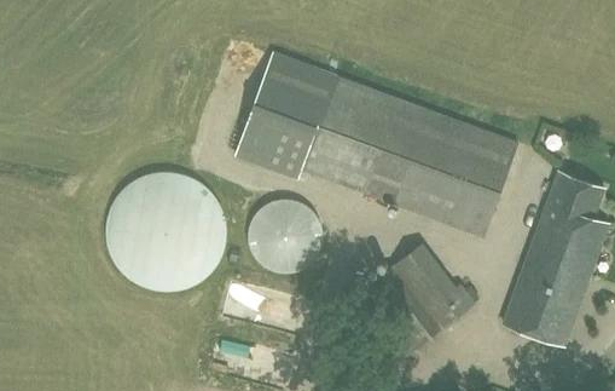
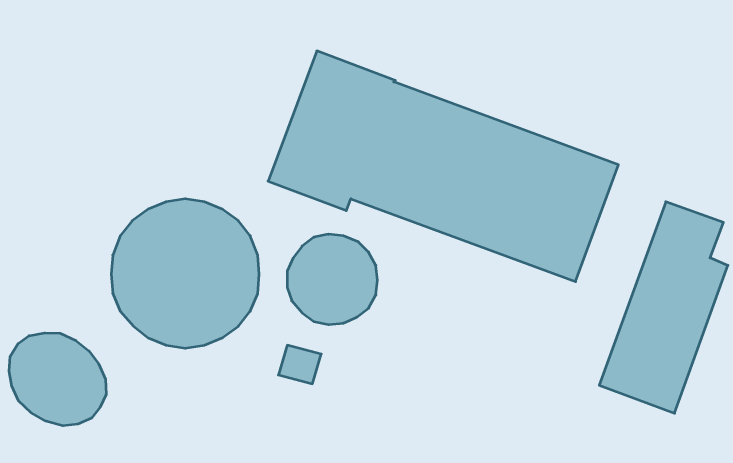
building: [364,241,472,352] -> none
building: none -> [9,333,106,426]

